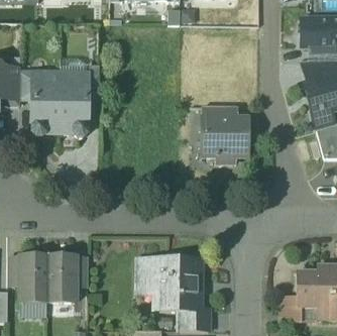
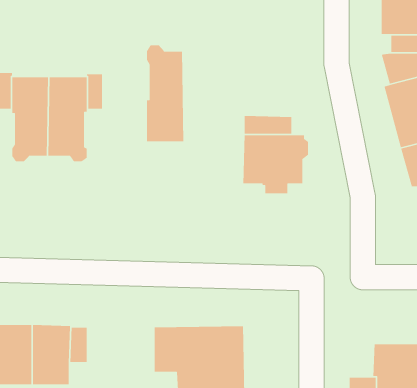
building: none -> [146,44,184,142]

